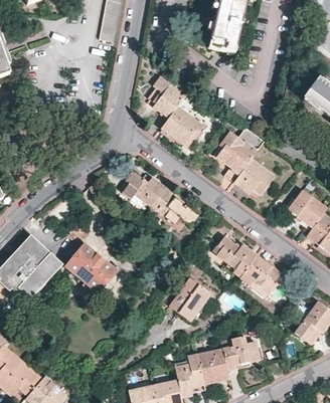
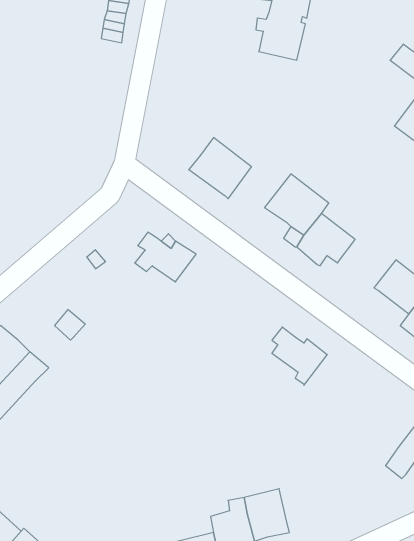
building: [148,76,186,118] -> none
building: [151,186,191,223] -> none
building: [66,246,115,296] -> none
building: [239,255,281,292] -> none
building: [169,276,211,321] -> none
building: [222,336,260,370] -> none

